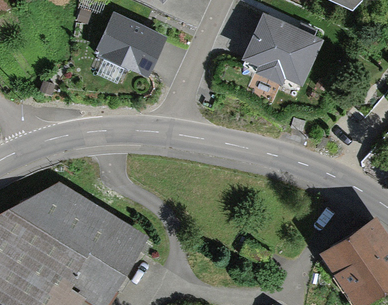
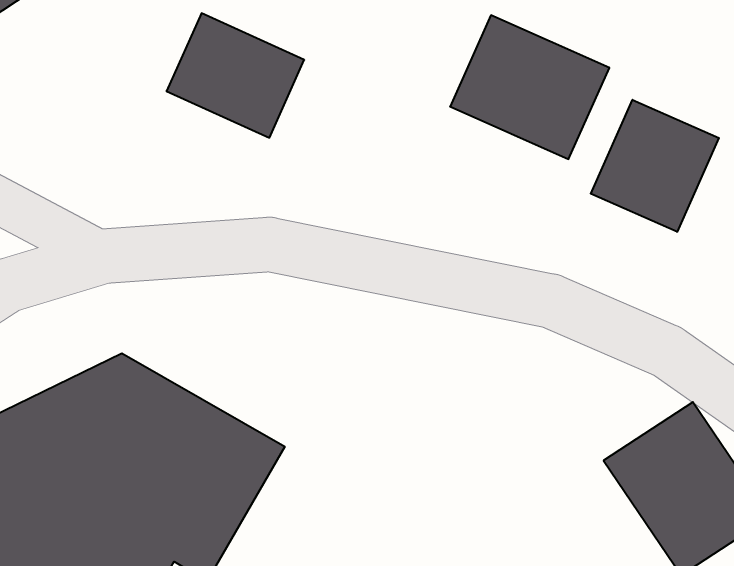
building: none -> [591,100,719,232]

